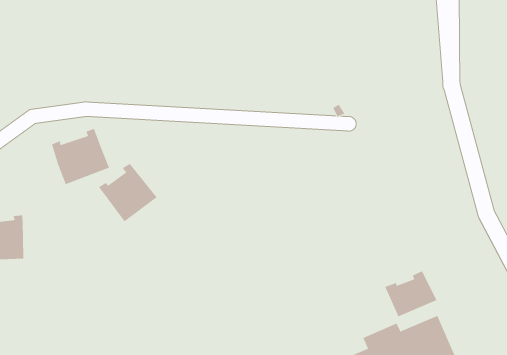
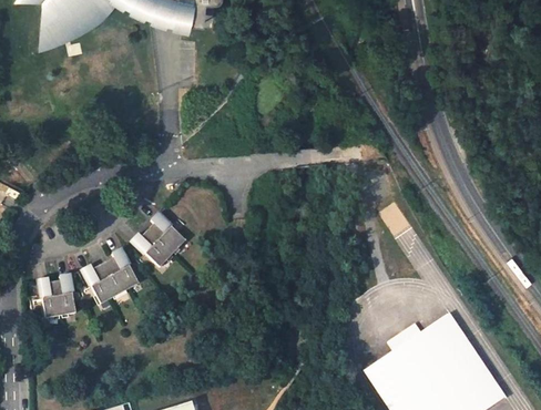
building: [51,128,110,185] -> [82,249,137,304]
building: [385,271,437,317] -> none

